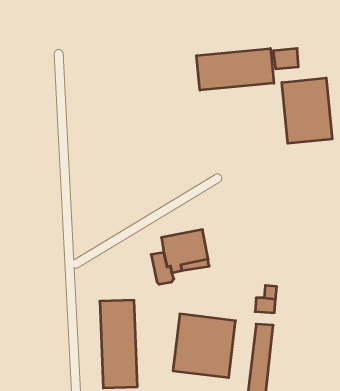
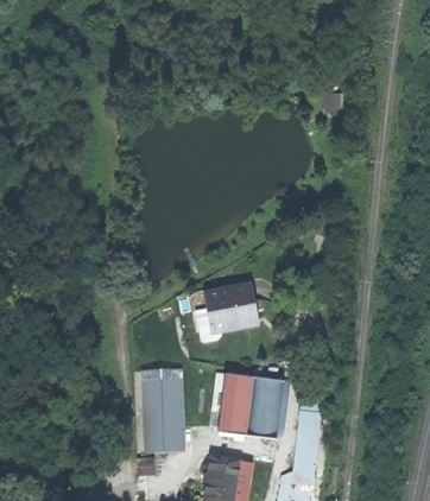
building: [196,48,274,90] -> none
building: [282,78,332,143] -> none

